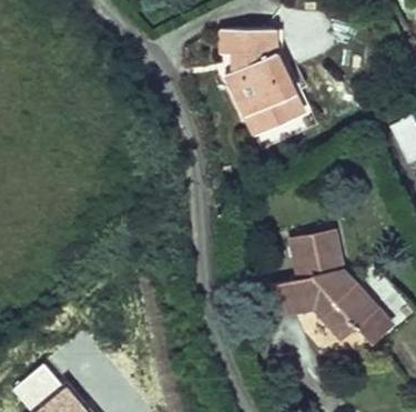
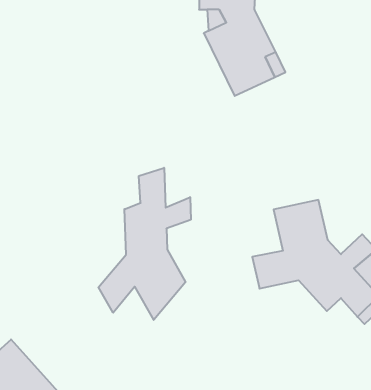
building: none -> [98,168,191,320]

